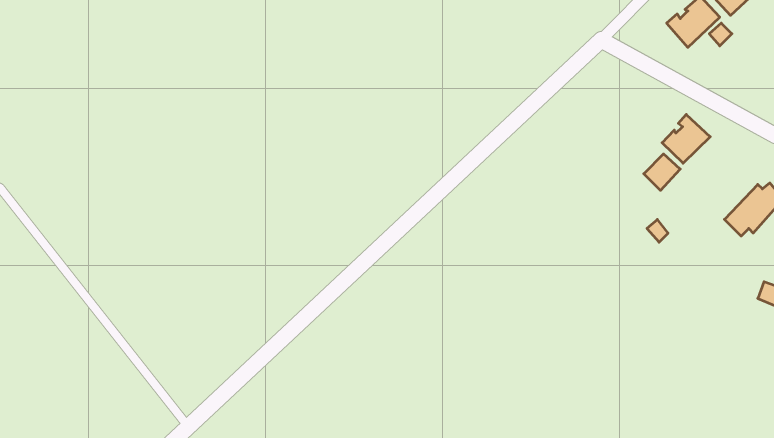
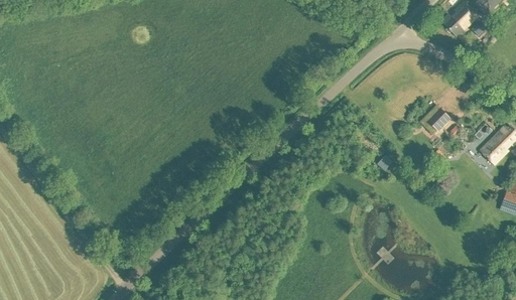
building: [662,114,710,163] -> none

